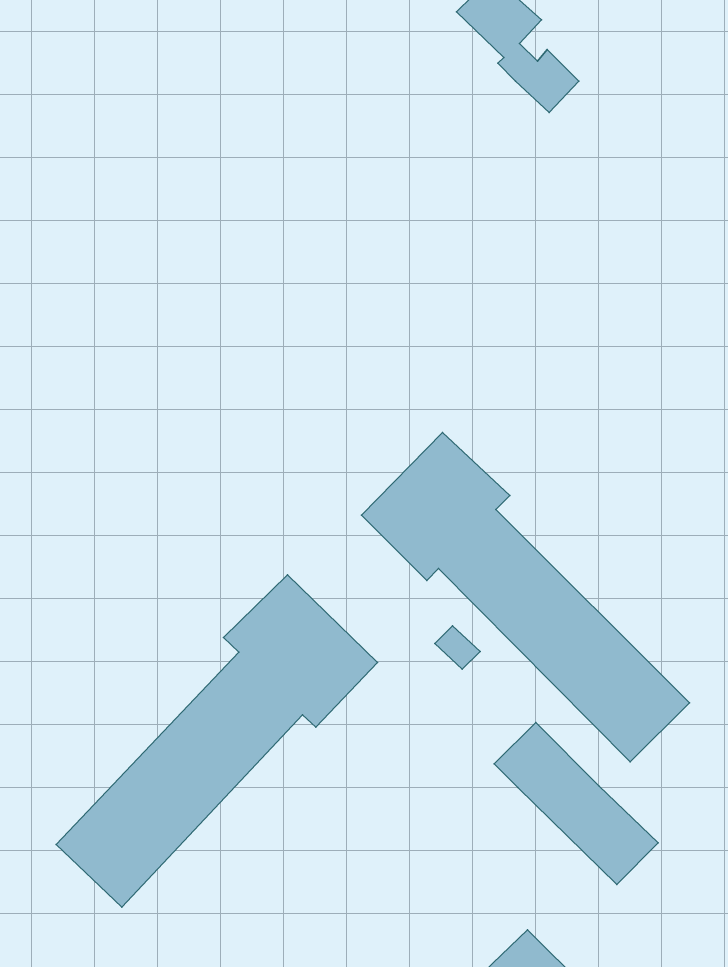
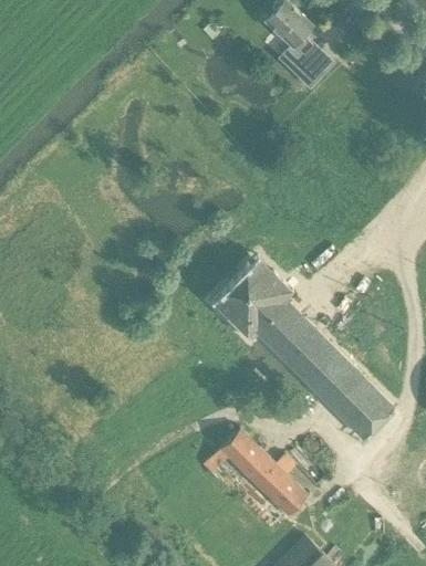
building: [56,575,377,907] -> none
building: [494,723,658,884] -> [218,428,310,518]

